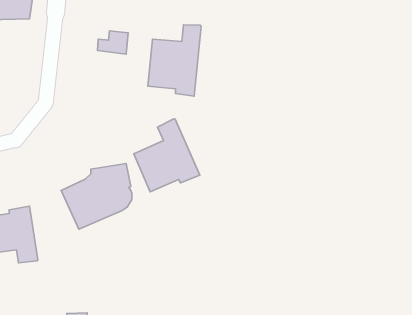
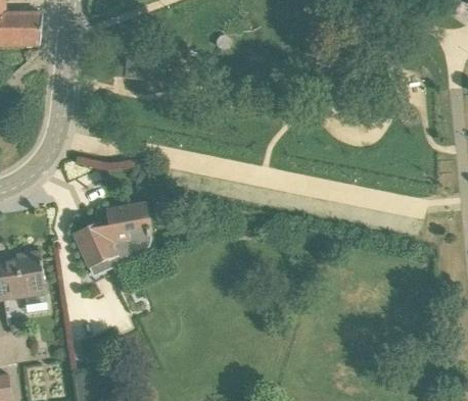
building: [148,25,201,96] -> none
building: [134,119,200,192] -> none

